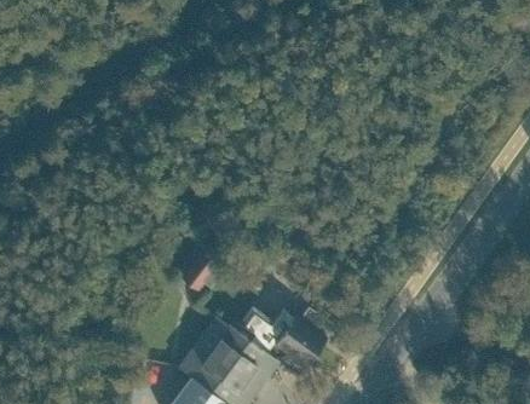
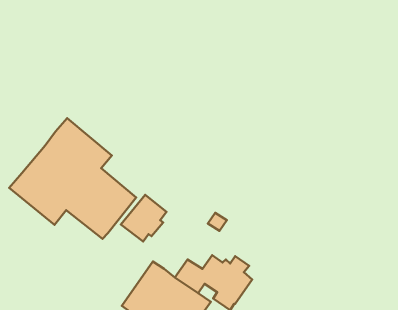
building: none -> [9,118,136,239]

